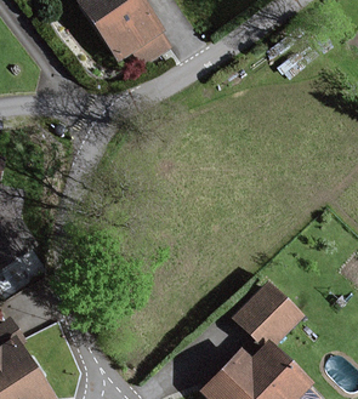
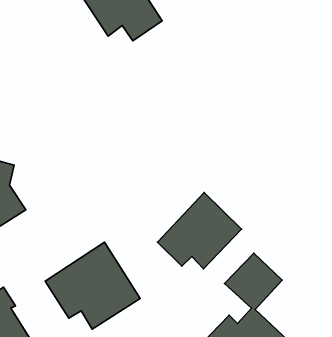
building: none -> [157,193,241,269]
building: none -> [45,242,140,329]

